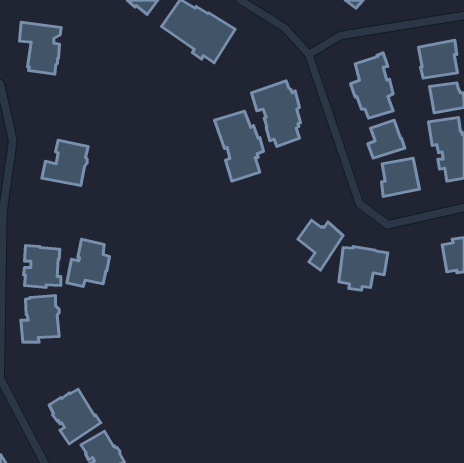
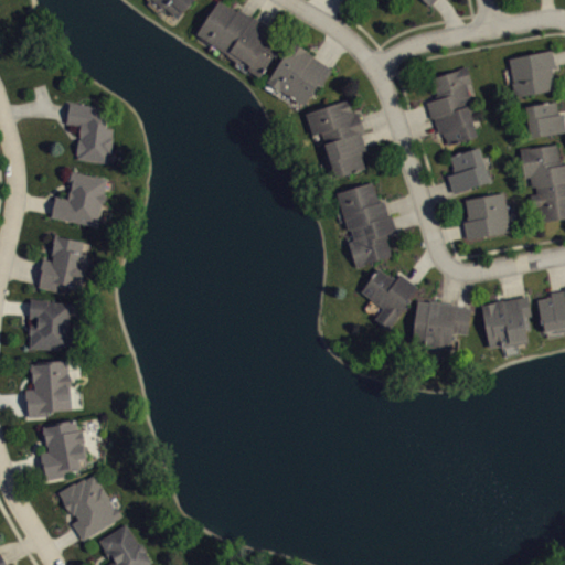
building: [19,22,61,74] -> [65,103,116,166]
building: none -> [266,42,332,107]
building: [214,111,263,181] -> [335,183,395,268]
building: [67,239,110,286] -> [38,235,89,292]
building: none -> [481,296,532,350]
building: none -> [41,420,87,482]

